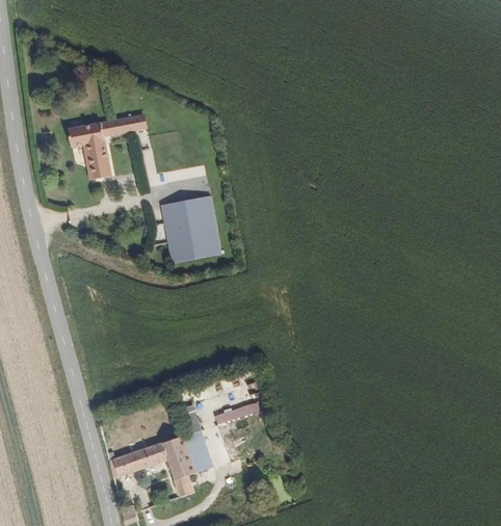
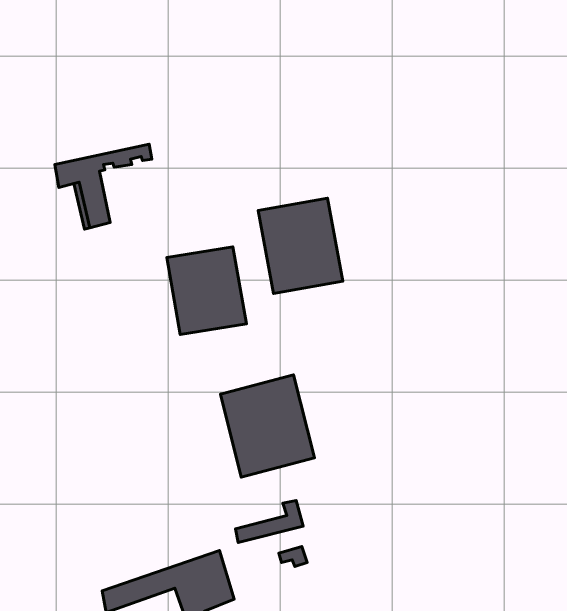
building: none -> [258,198,343,293]
building: none -> [220,375,314,477]

